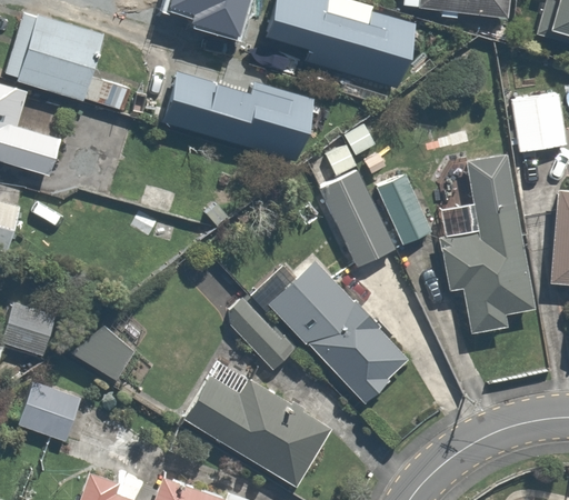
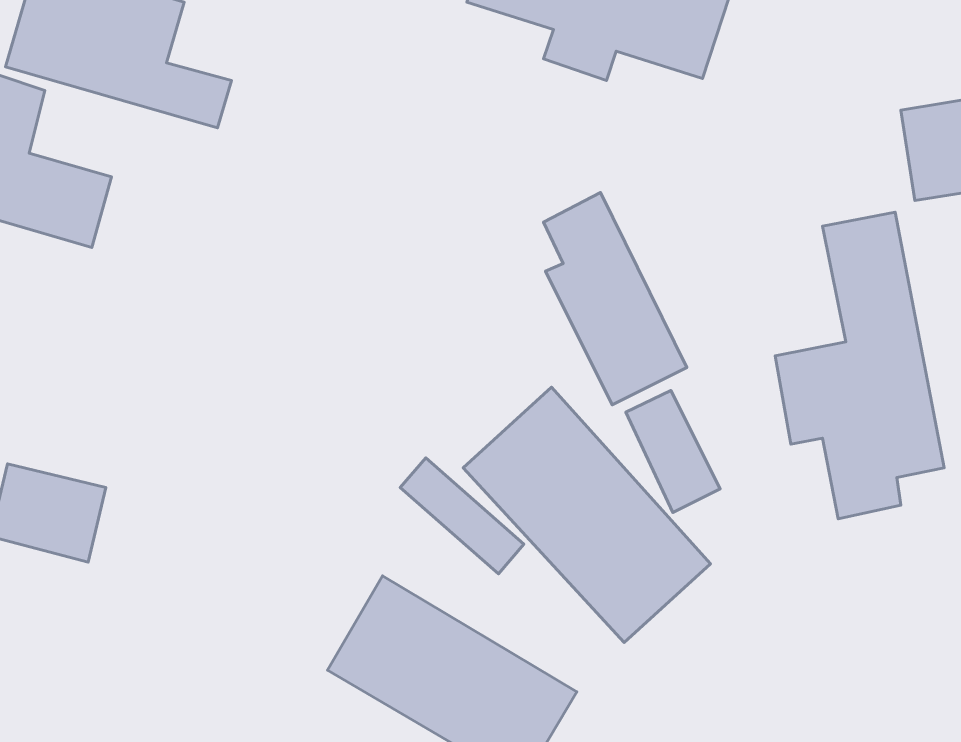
building: [166,73,316,157] -> none
building: [376,177,429,246] -> [626,391,720,512]
building: [72,322,134,382] -> none
building: [16,381,81,441] -> none

